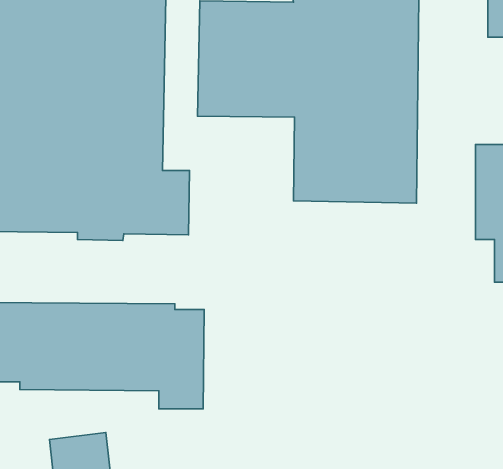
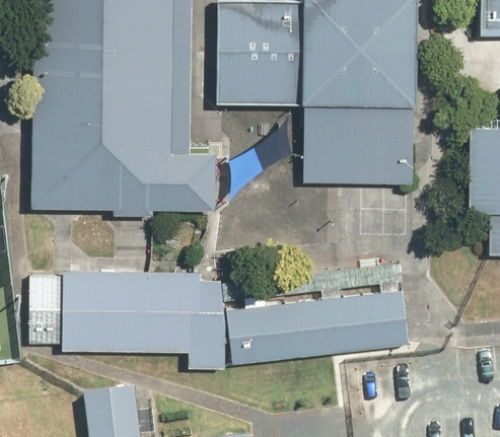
building: none -> [228,291,408,364]

